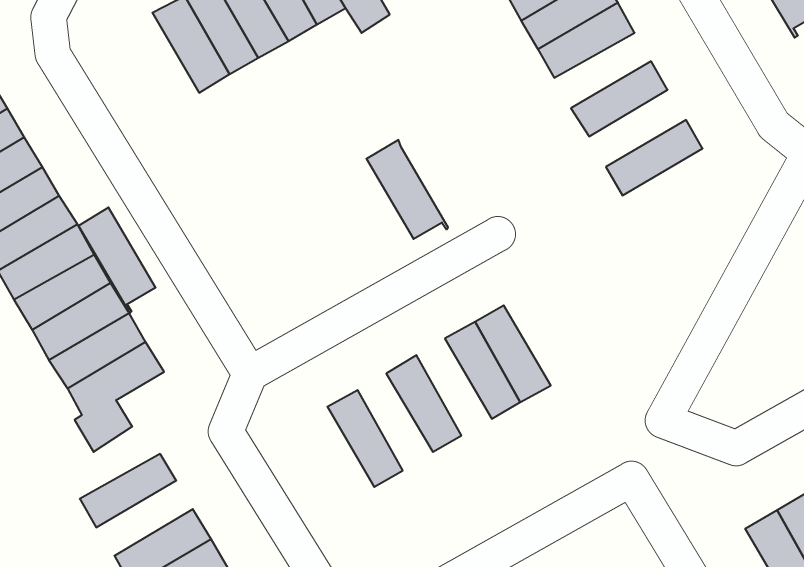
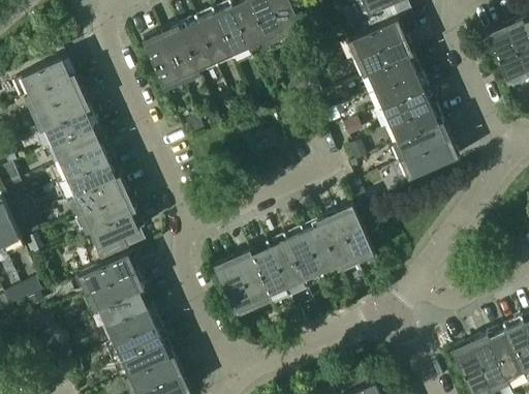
building: none -> [374,74,428,112]
building: none -> [390,108,443,146]
building: [366,140,448,239] -> [333,207,373,262]
building: none -> [404,142,459,183]
building: [78,207,156,313] -> [142,34,180,93]
building: none -> [282,230,319,283]
building: none -> [248,245,285,299]
building: none -> [213,260,251,319]
building: none -> [77,256,136,295]
building: none -> [97,291,151,328]

